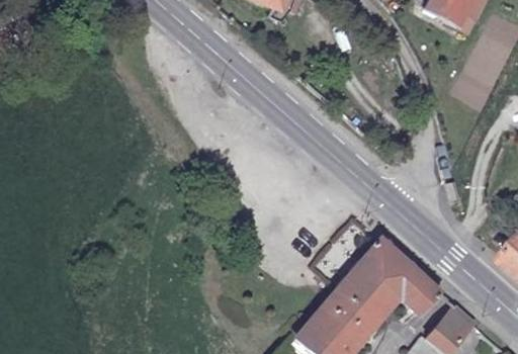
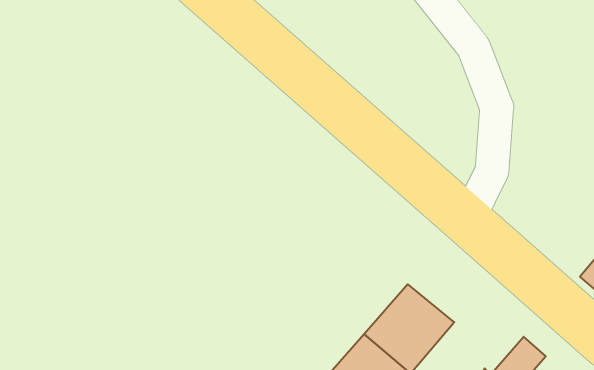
building: [362,238,443,313] -> none

